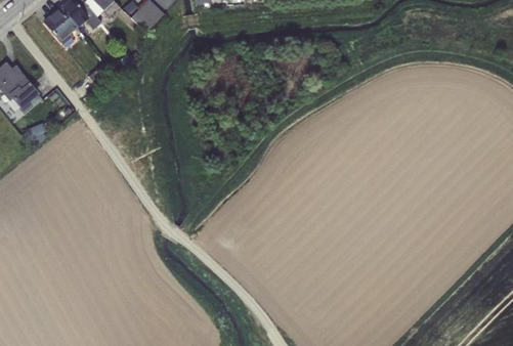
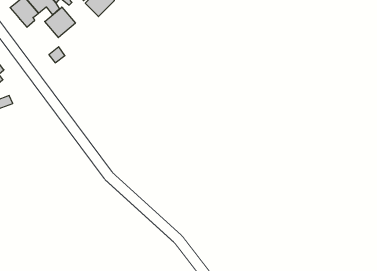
building: none -> [45,7,75,38]

